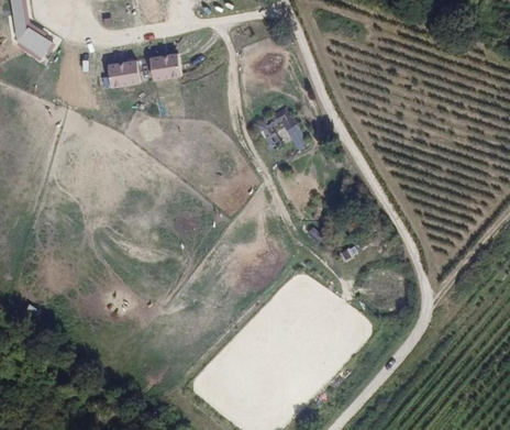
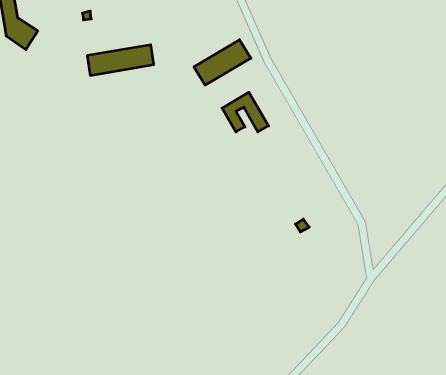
building: none -> [194,40,251,85]

